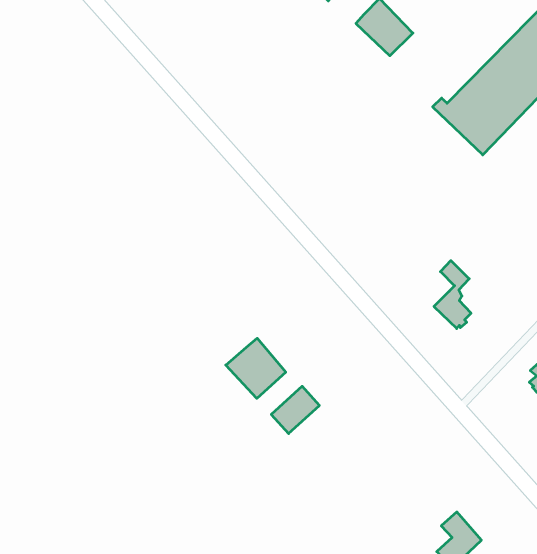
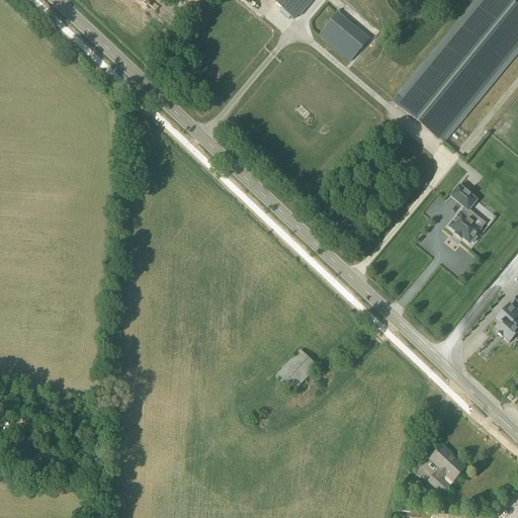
building: [434,261,471,329] -> [449,184,482,242]
building: [226,338,286,398] -> none

